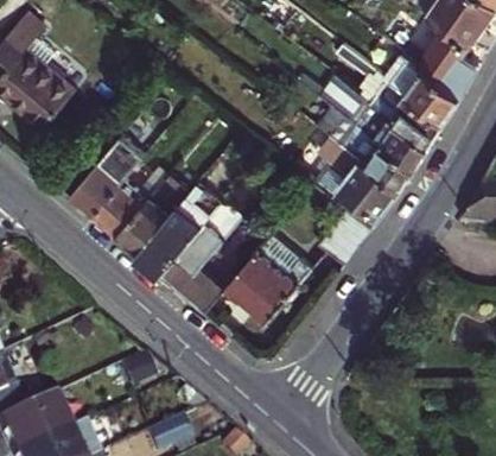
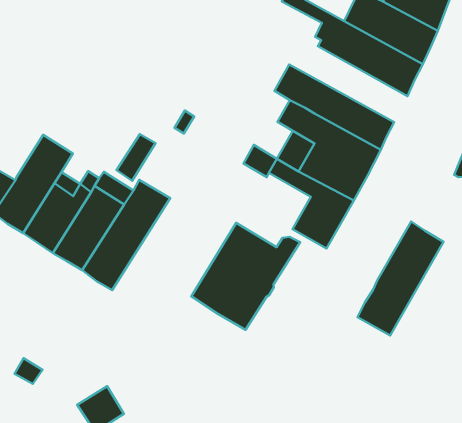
building: [329,81,431,166] -> none
building: [161,200,243,311] -> none
building: none -> [357,222,444,336]

